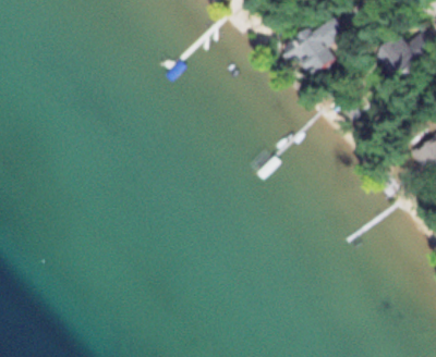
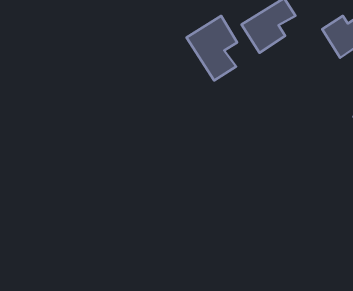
building: none -> [186,16,237,80]

